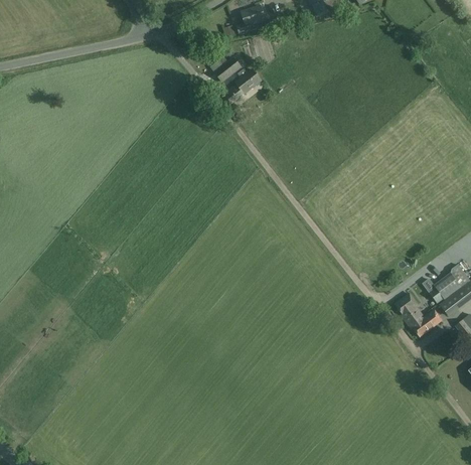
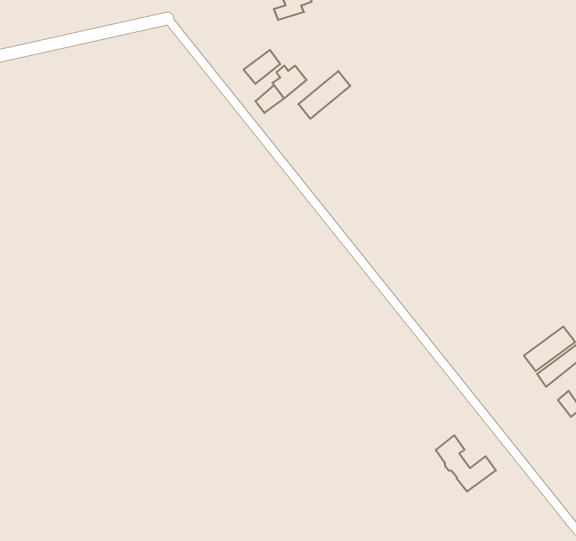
building: none -> [298,71,350,119]
building: [397,292,443,335] -> [436,435,496,492]

